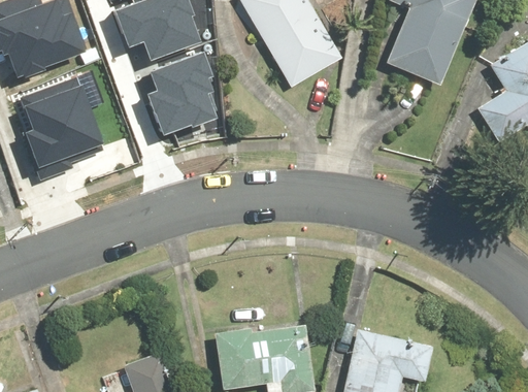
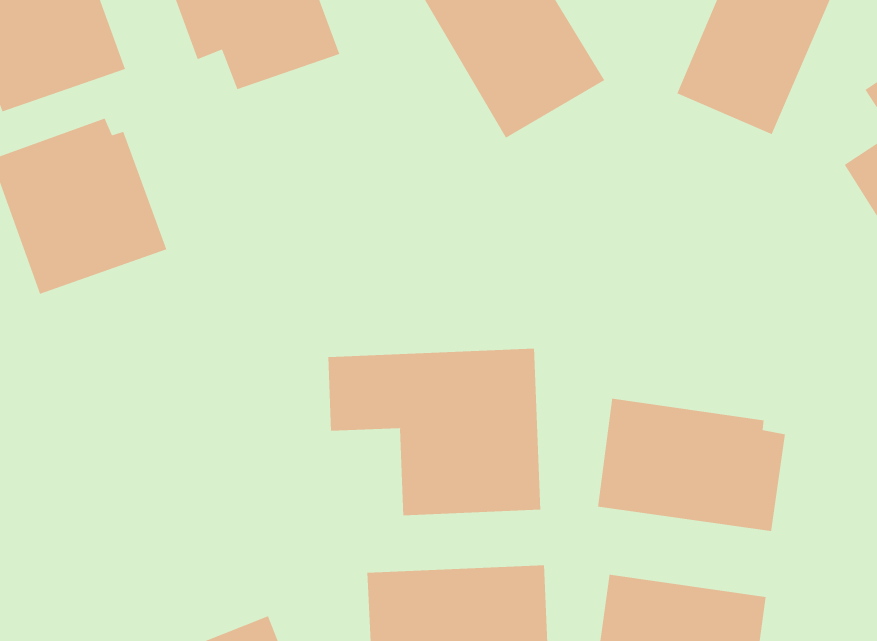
building: [143,54,222,138] -> none
building: none -> [328,348,541,516]
building: none -> [597,398,785,532]

